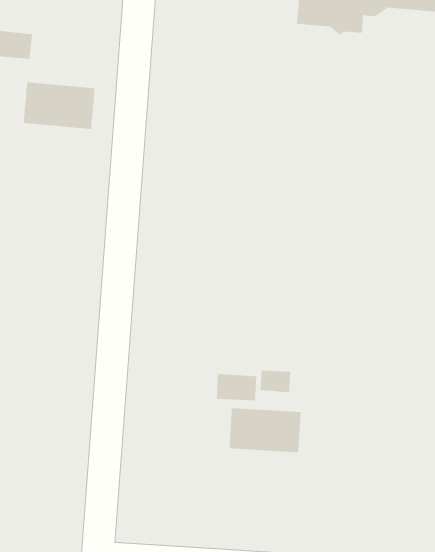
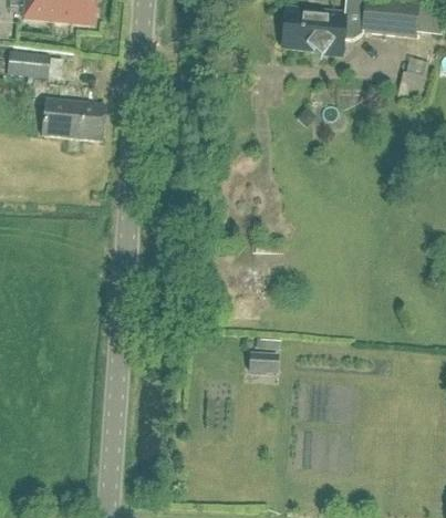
building: [216,373,257,401] -> none
building: [229,408,301,453] -> none

